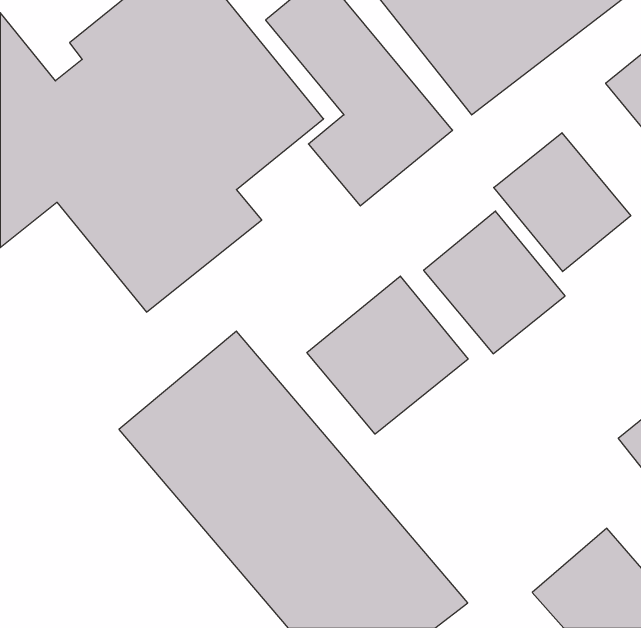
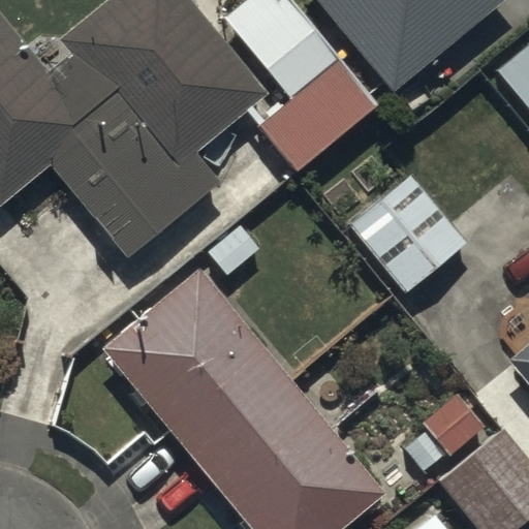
building: [494,133,631,272] -> none
building: [307,276,468,434] -> none

